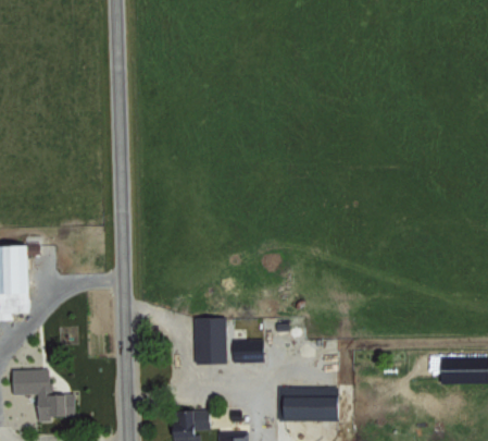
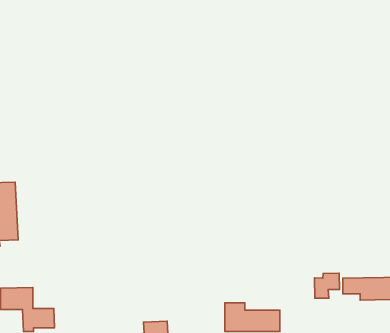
building: [195,317,227,365] -> none
building: none -> [315,273,339,298]

